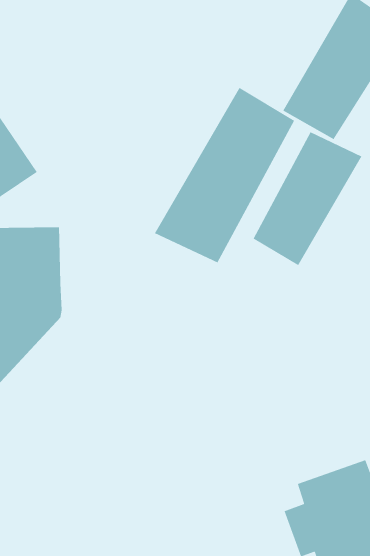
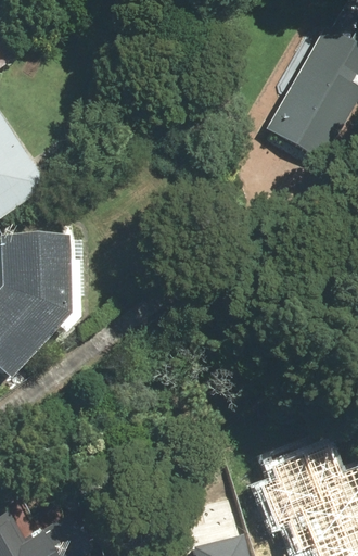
building: [154,87,295,264] -> none
building: [252,131,362,266] -> none

